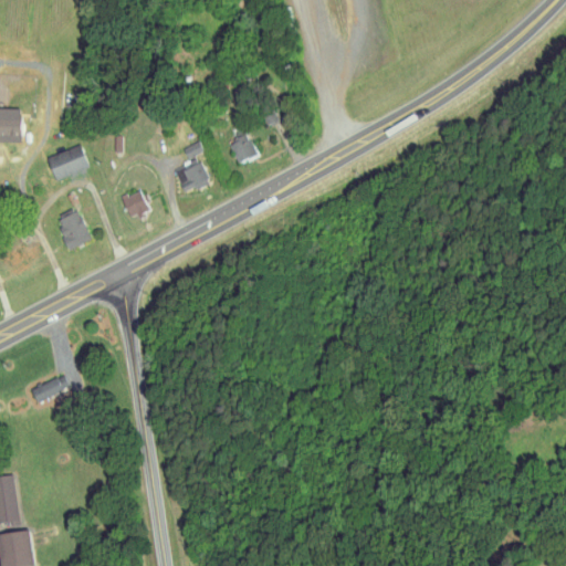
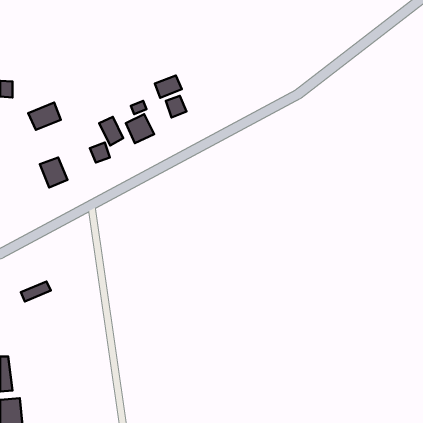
building: none -> [155,75,182,98]
building: none -> [99,117,123,145]

